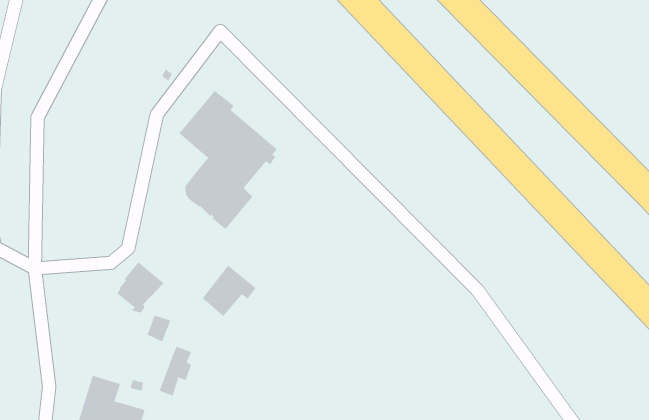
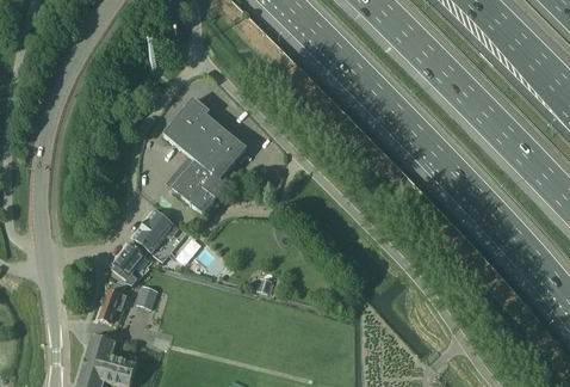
building: [202,265,256,317] -> [132,210,178,253]
building: [159,346,192,397] -> [98,282,125,324]

